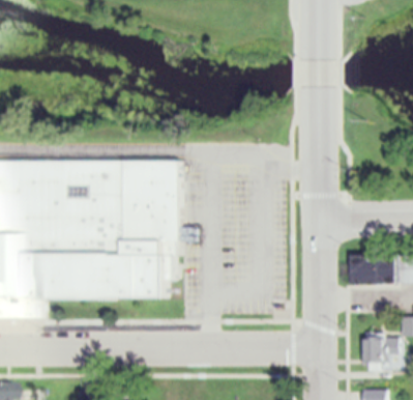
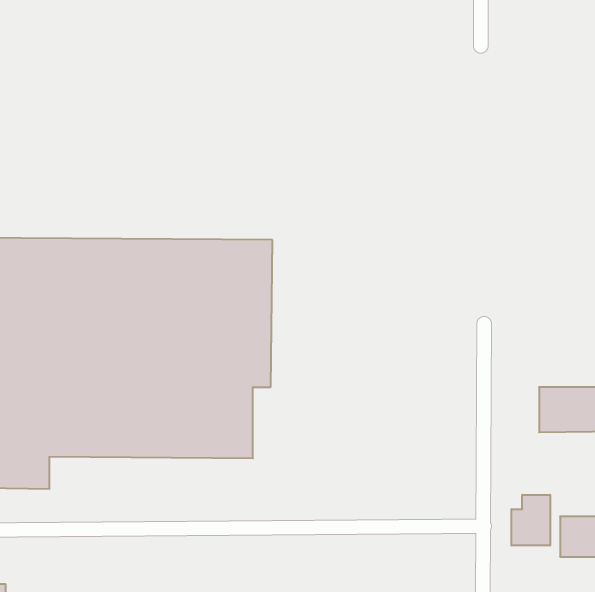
building: none -> [512,495,550,546]

